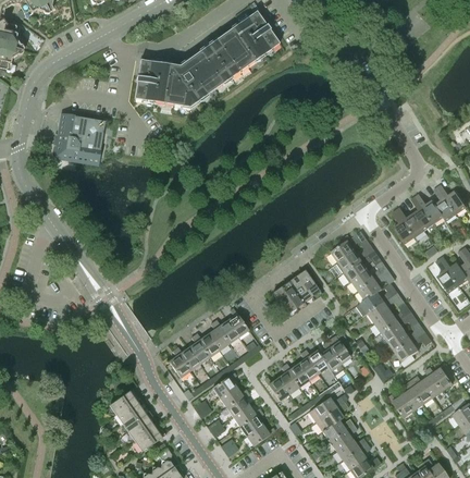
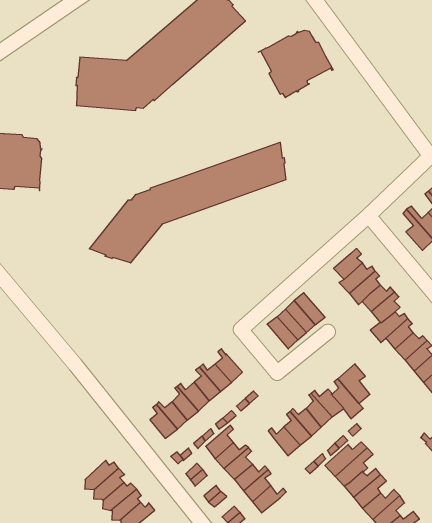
building: none -> [258,30,333,98]
building: none -> [89,142,286,263]

